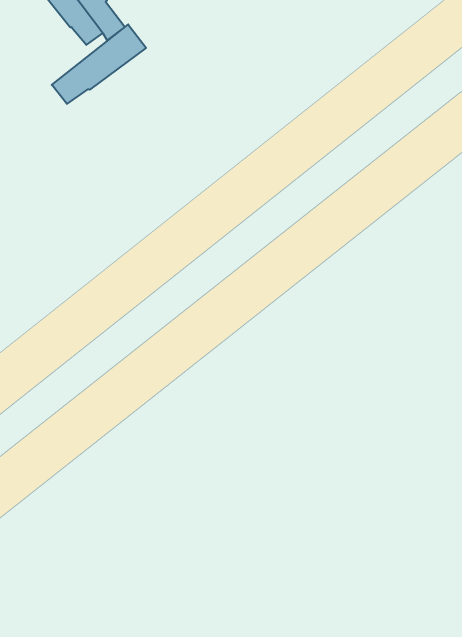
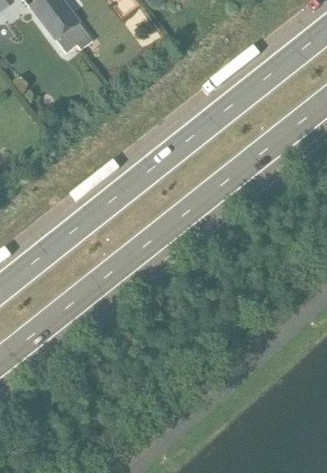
building: [52,24,146,104] -> none

